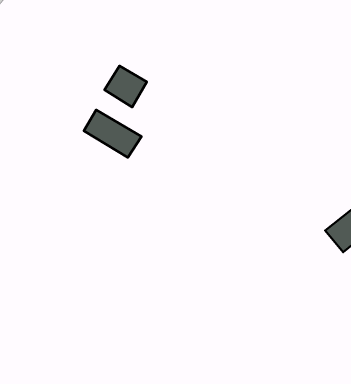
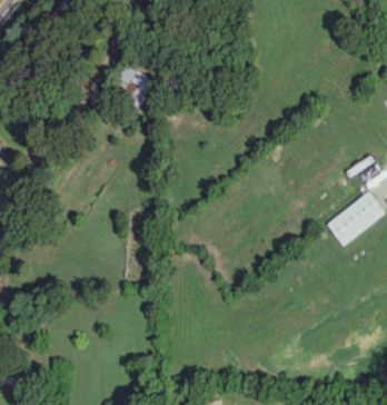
building: [84,110,141,158] -> none

